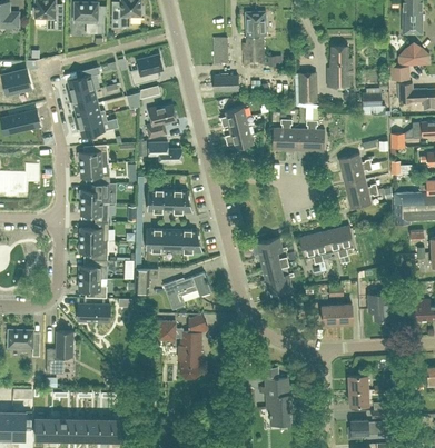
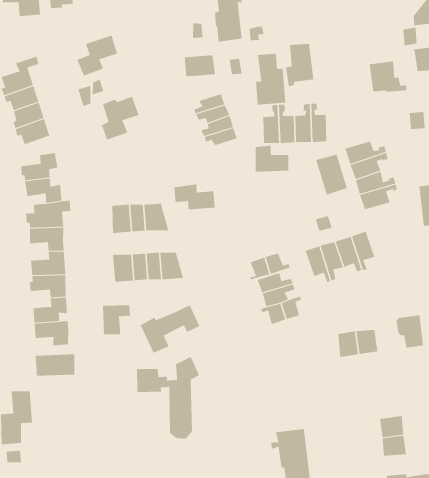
building: [327,47,350,87] -> [255,53,286,105]
building: [148,142,180,162] -> [174,184,216,210]
building: none -> [255,145,289,173]
building: none -> [316,154,347,196]

